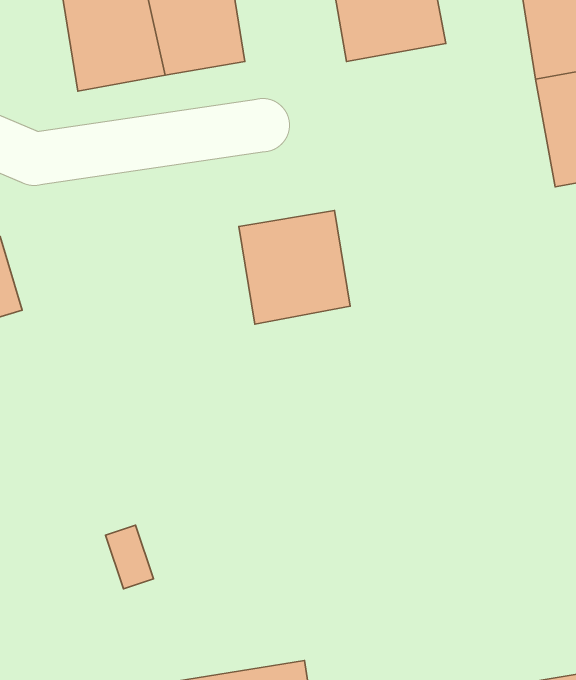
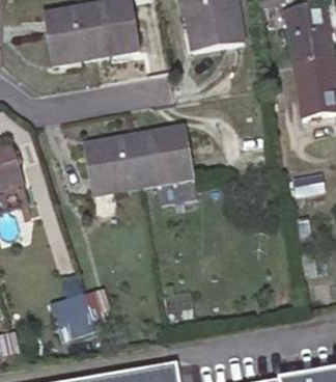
building: none -> [86,137,145,197]

